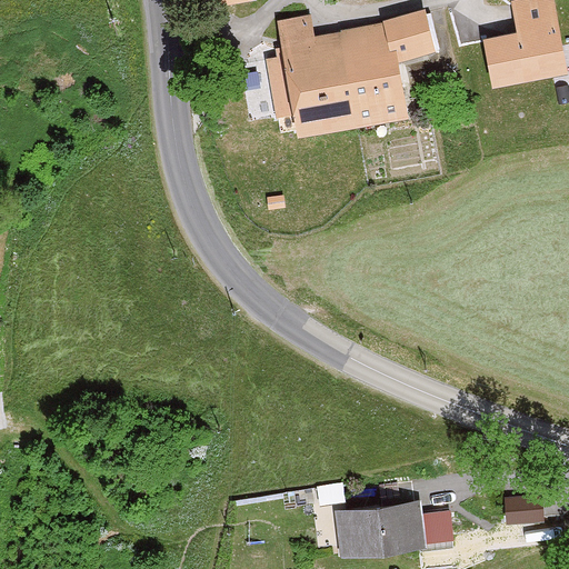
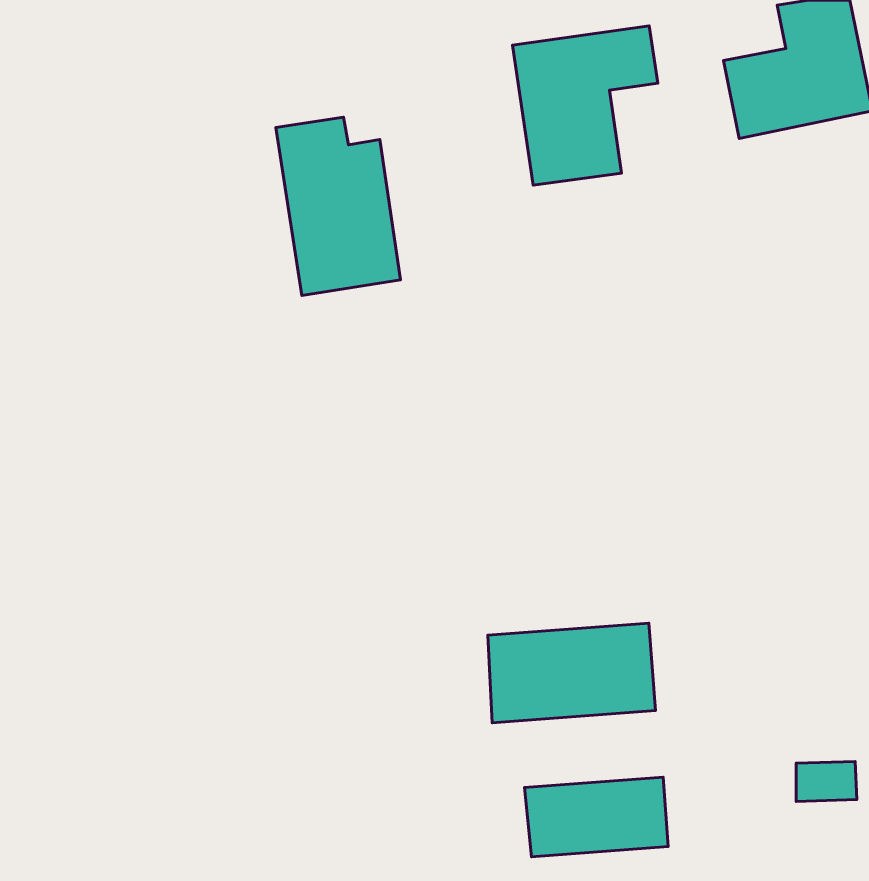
building: [272,17,352,131] -> [276,117,401,295]
building: none -> [488,623,656,723]

